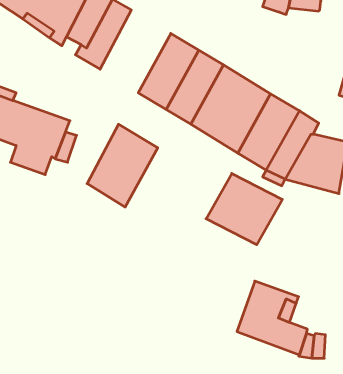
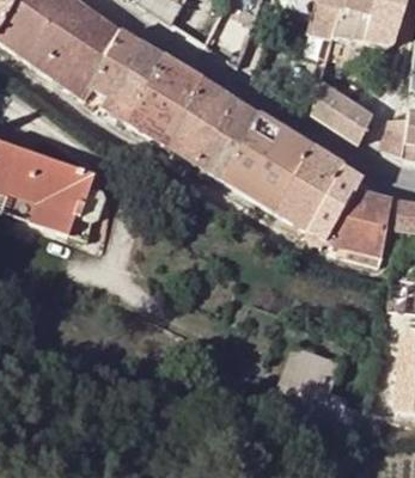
building: none -> [313,81,373,141]
building: [87,124,158,207] -> [128,56,203,145]
building: [206,173,282,245] -> none

